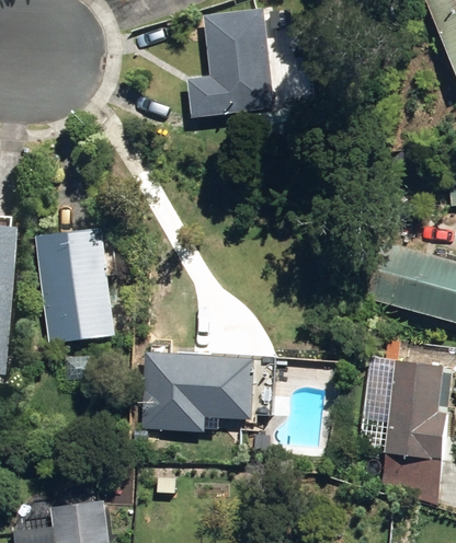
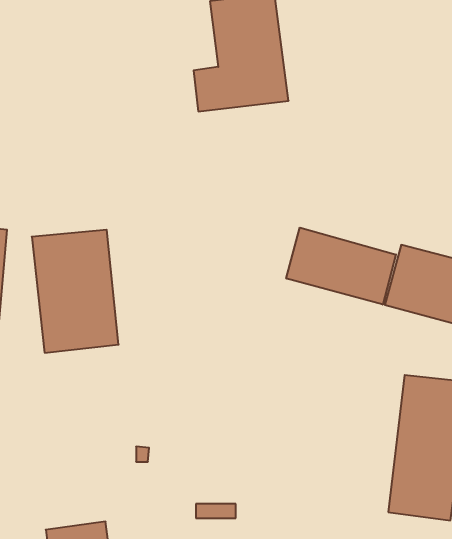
building: none -> [286,228,396,305]
building: [140,351,273,431] -> none

